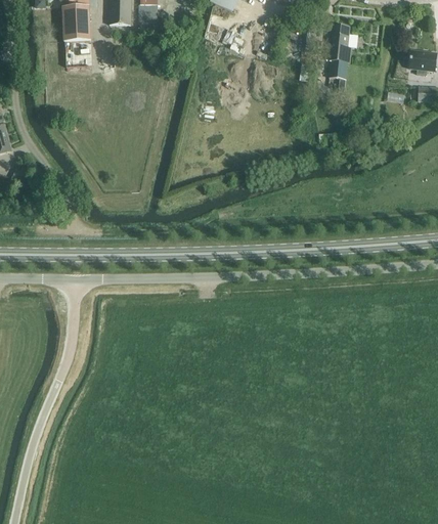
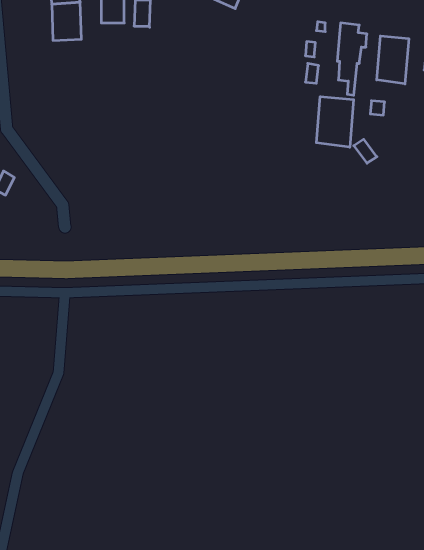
building: none -> [377,36,409,84]
building: none -> [316,97,354,147]

